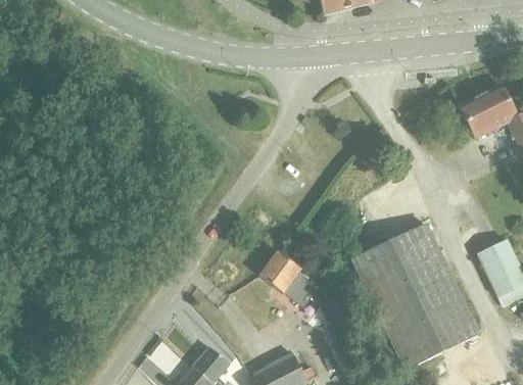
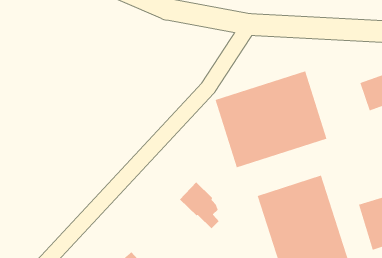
building: none -> [215,70,327,168]

